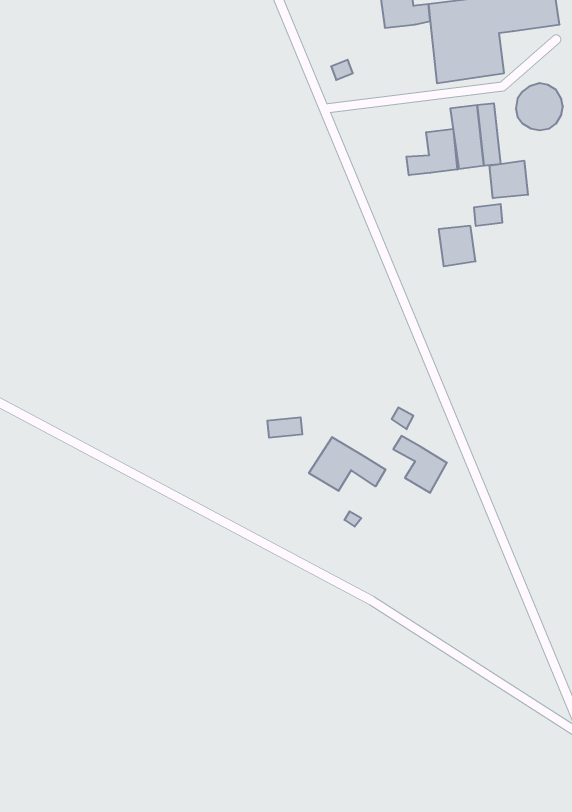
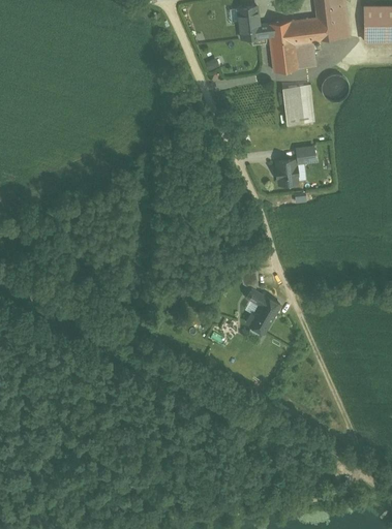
building: [406,129,457,175] -> none
building: [489,161,528,198] -> none
building: [309,437,385,491] -> none

